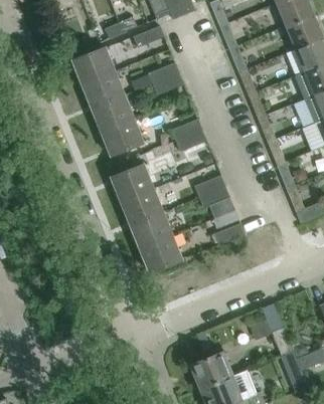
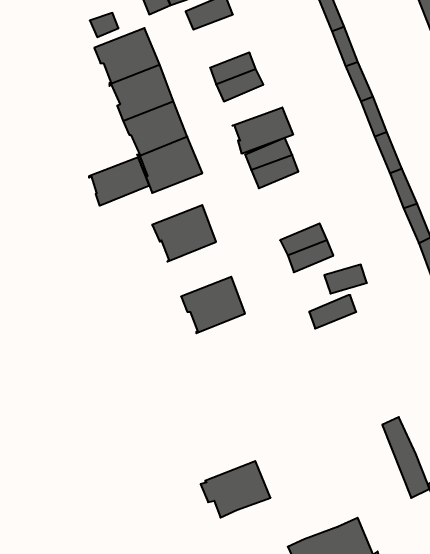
building: none -> [232,107,293,154]
building: none -> [89,157,149,206]
building: [120,188,162,224] -> none
building: [139,235,181,272] -> none
building: [186,352,232,389] -> [201,461,271,518]

